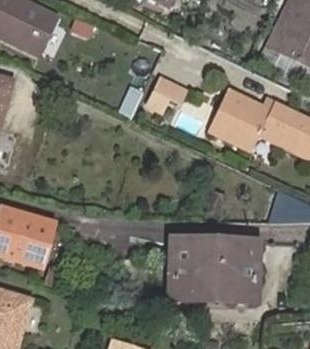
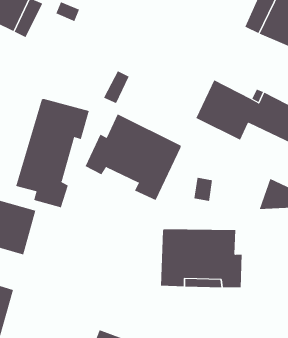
building: [147,74,188,111] -> none
building: none -> [16,98,89,208]
building: none -> [85,113,181,201]

